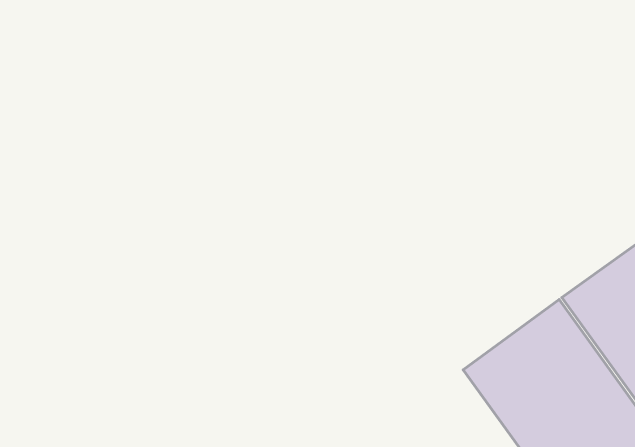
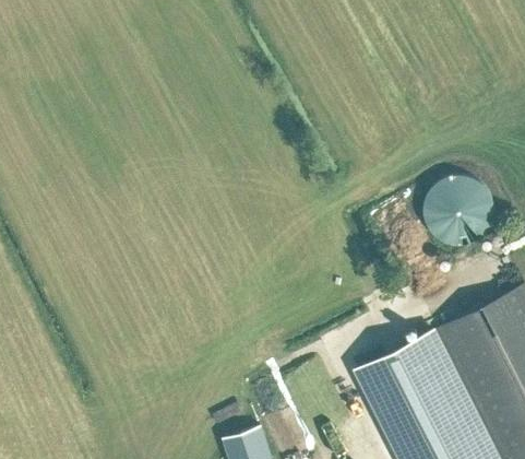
building: none -> [430,177,497,243]

